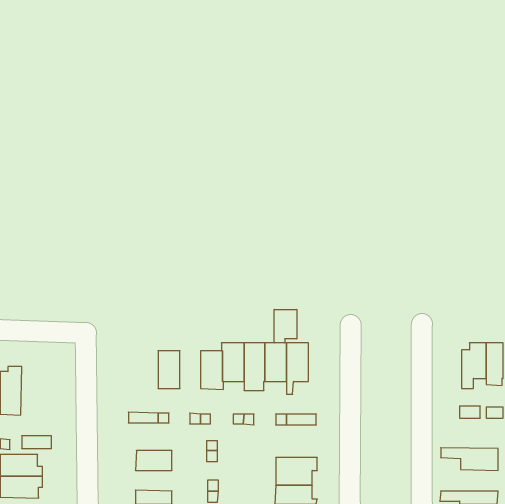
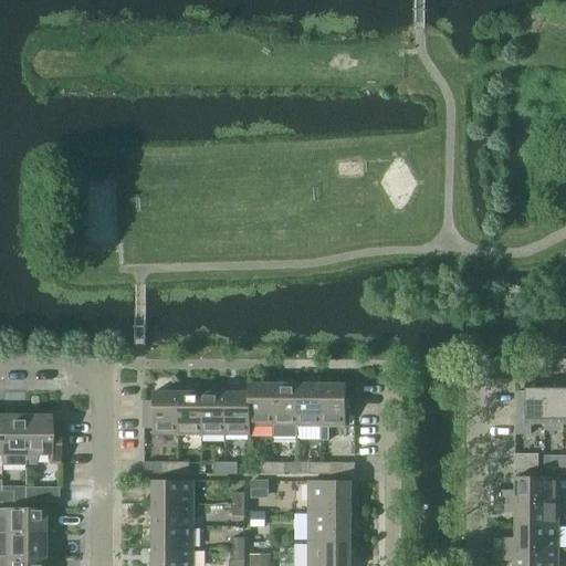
building: [274,309,297,343] -> none
building: none -> [144,392,177,434]
building: none -> [201,392,224,434]
building: none -> [23,410,57,464]
building: none -> [493,476,558,502]
building: none -> [153,481,192,504]
building: none -> [308,481,355,512]
building: none -> [493,525,557,549]
building: none -> [151,526,192,549]

